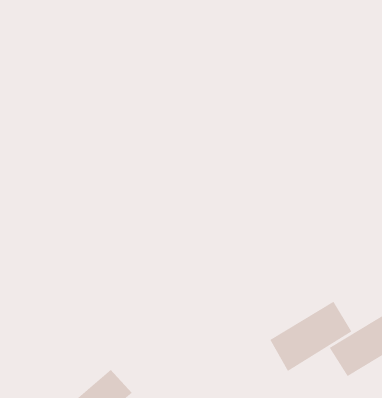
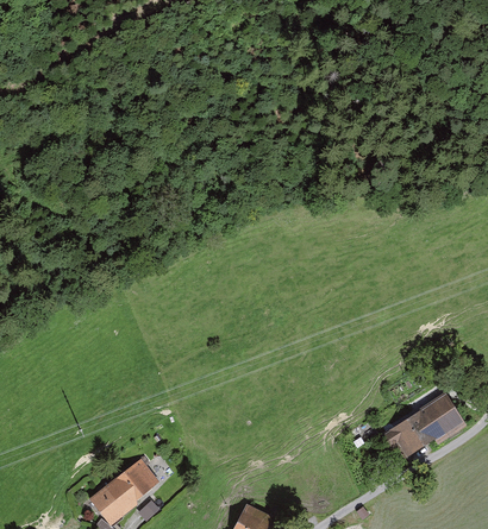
building: [270,301,352,372] -> none

